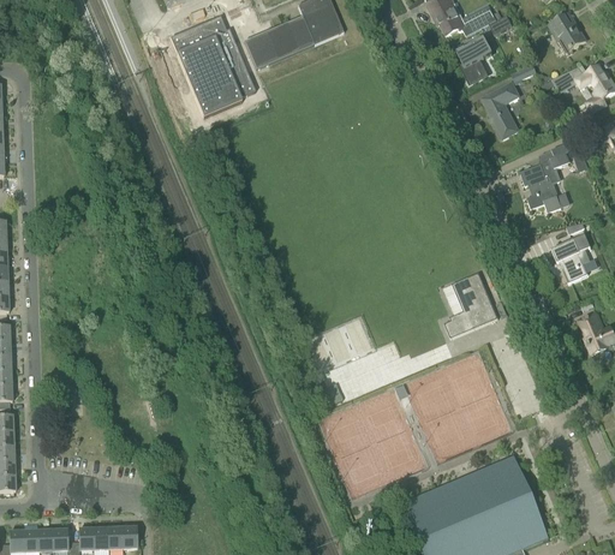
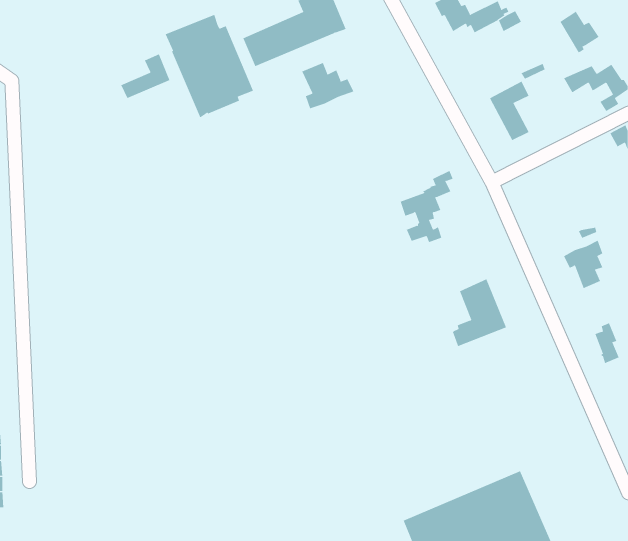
building: [453,38,492,82] -> none
building: none -> [121,53,170,99]
building: none -> [298,62,354,109]
building: [520,142,572,211] -> [400,170,454,243]

